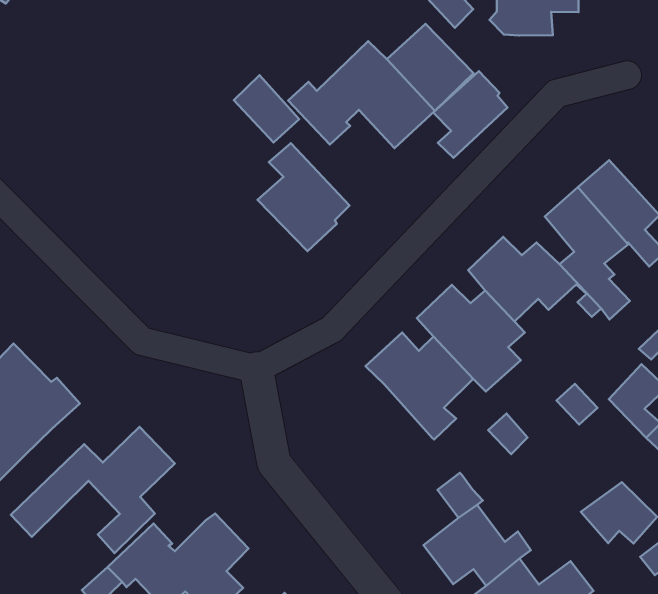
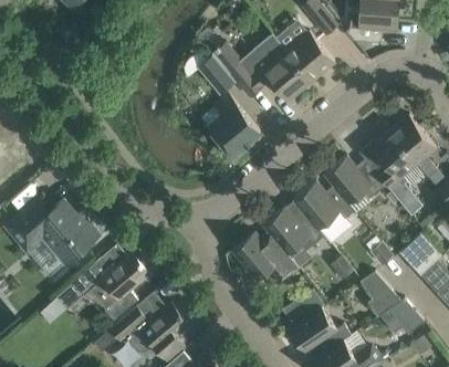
building: [433,71,508,158] -> none
building: none -> [232,232,299,281]
building: none -> [361,272,401,316]

